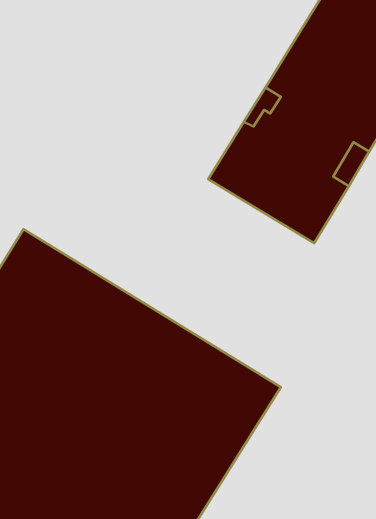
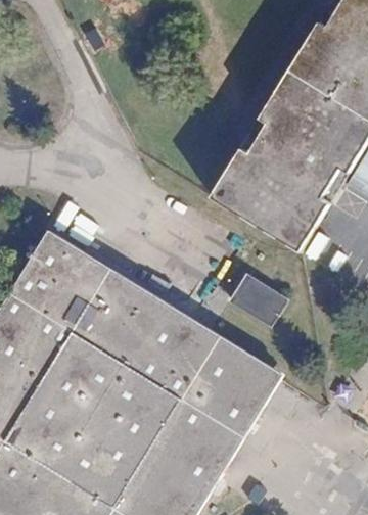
building: none -> [232,275,288,326]

